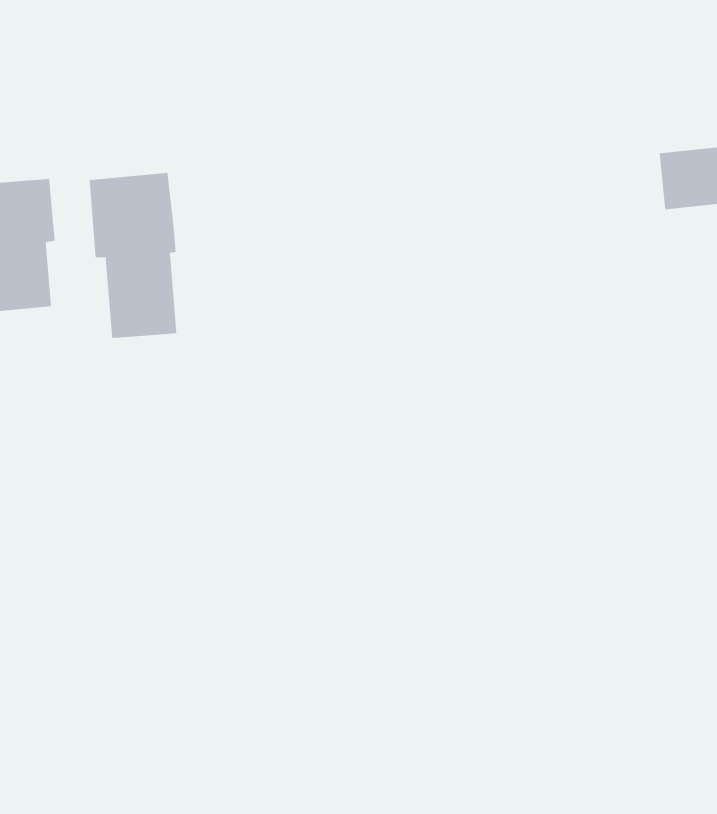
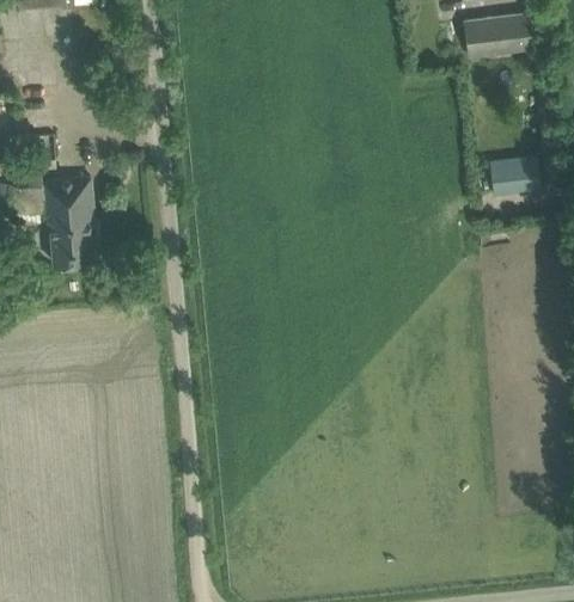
building: [89,172,177,339] -> none

